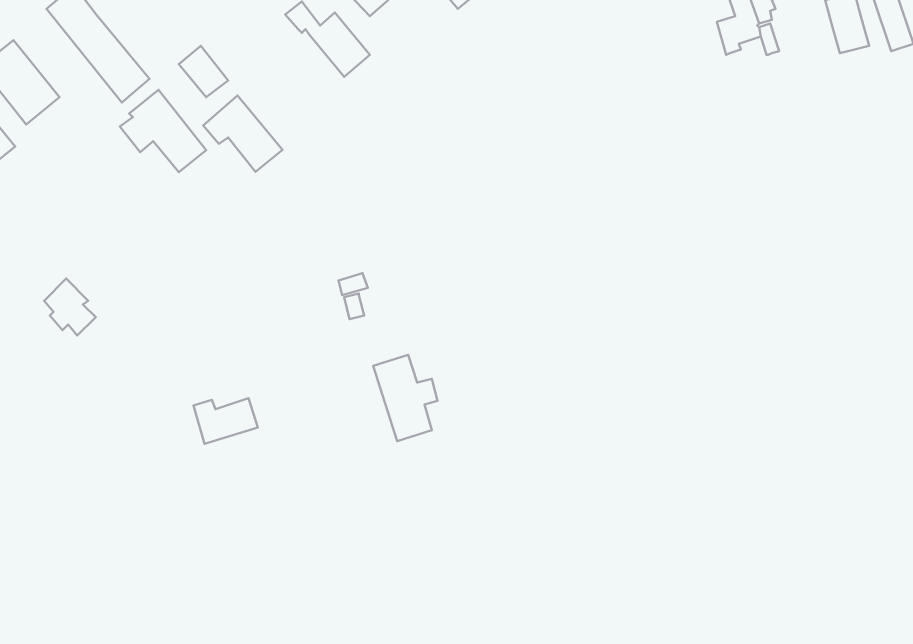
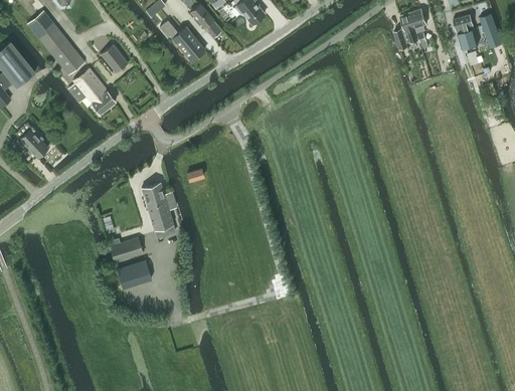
building: [203,96,282,172] -> none
building: [44,279,96,336] -> [20,127,48,158]
building: [373,355,437,441] -> [142,183,177,230]
building: none -> [117,259,152,287]

